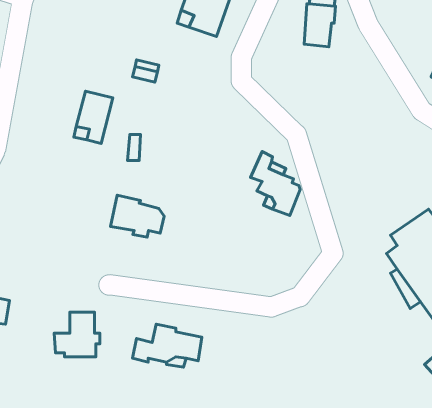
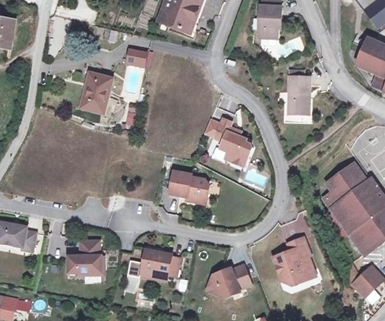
building: none -> [289,77,312,115]
building: [111,195,164,237] -> [171,171,212,203]
building: none -> [278,242,317,289]
building: none -> [205,265,249,297]

